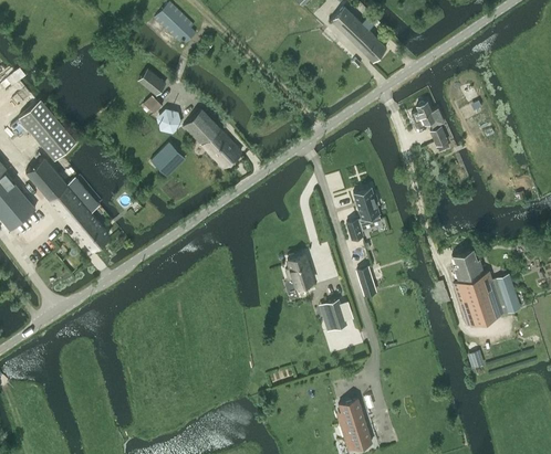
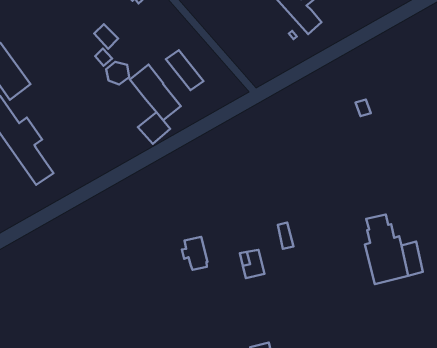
building: none -> [166,50,203,90]
building: [412,102,445,128] -> none
building: [150,142,186,177] -> [138,112,170,144]
building: [347,187,381,240] -> none
building: [285,255,314,292] -> [182,237,207,270]

